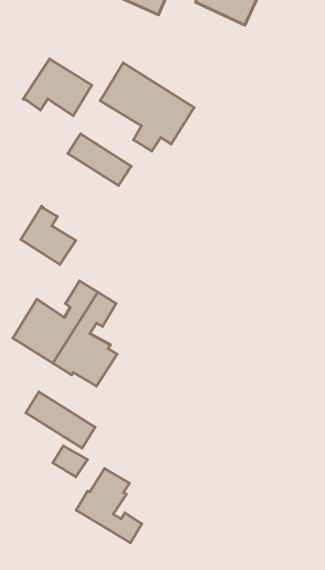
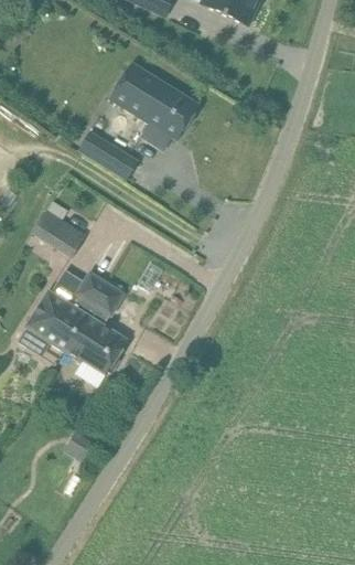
building: [23,59,92,116] -> none
building: [26,392,95,448] -> none
building: [76,469,142,543] -> none

